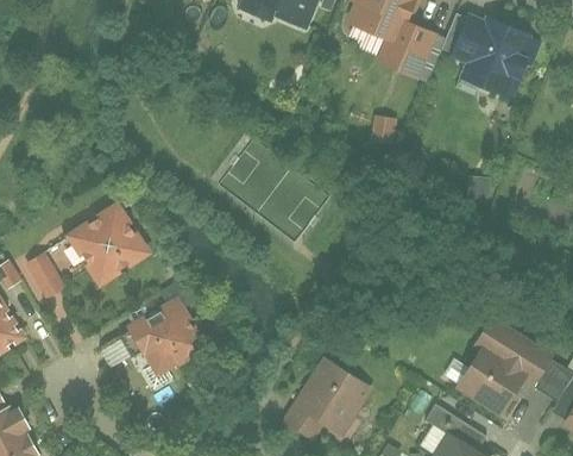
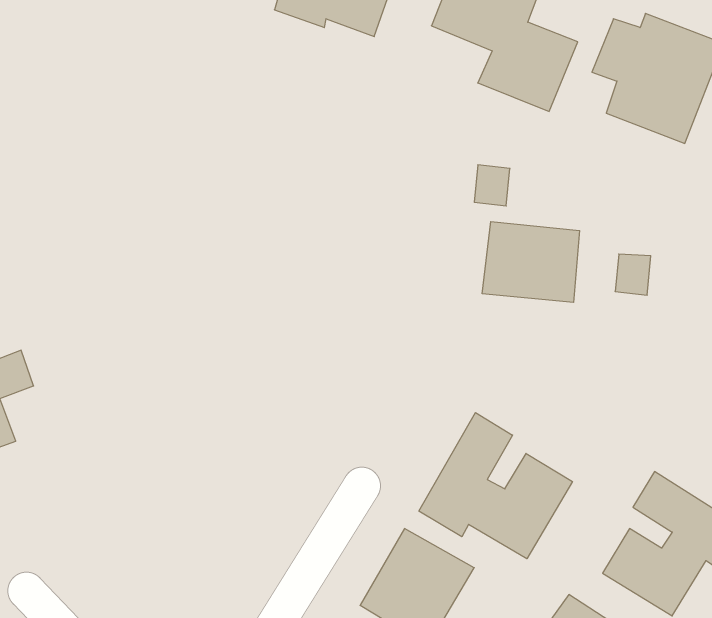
building: none -> [482,222,580,302]
building: [67,201,155,289] -> none
building: none -> [419,413,572,559]
building: [128,295,208,377] -> none

